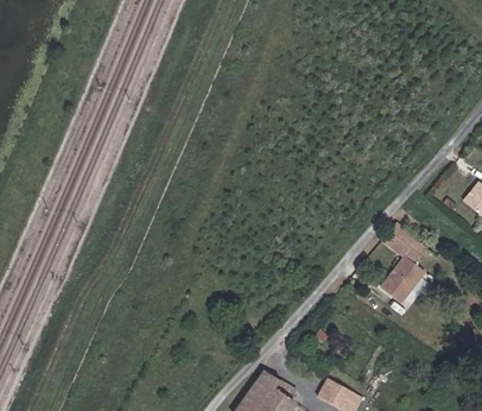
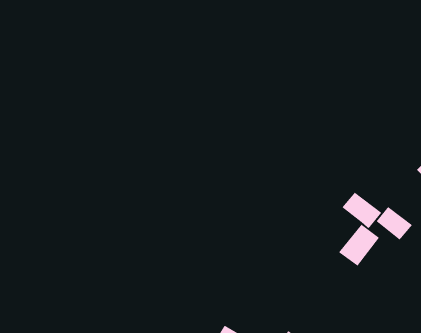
building: none -> [376,206,413,240]

